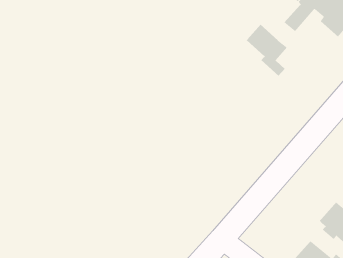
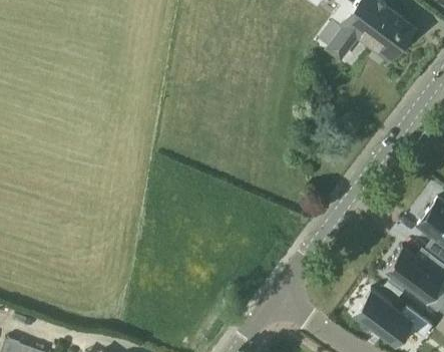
building: [243,24,288,76] -> none

